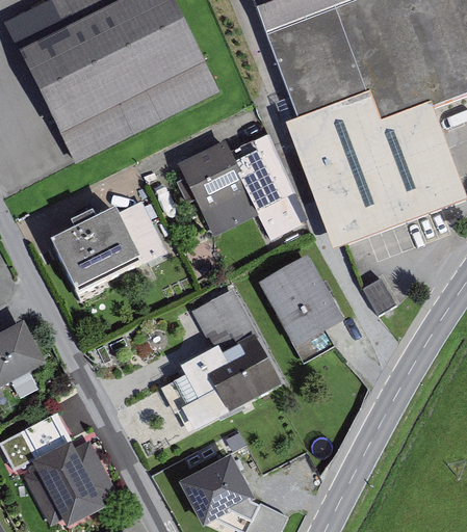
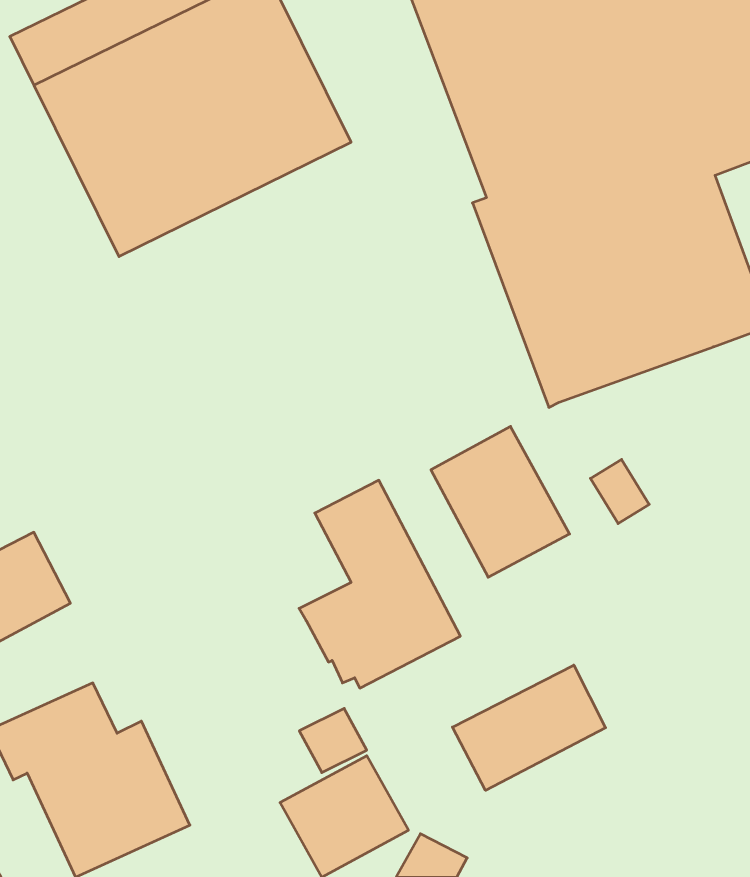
building: [172,137,289,241] -> none
building: [51,204,159,294] -> none
building: [161,374,202,413] -> [299,708,367,773]
building: none -> [452,665,606,790]

